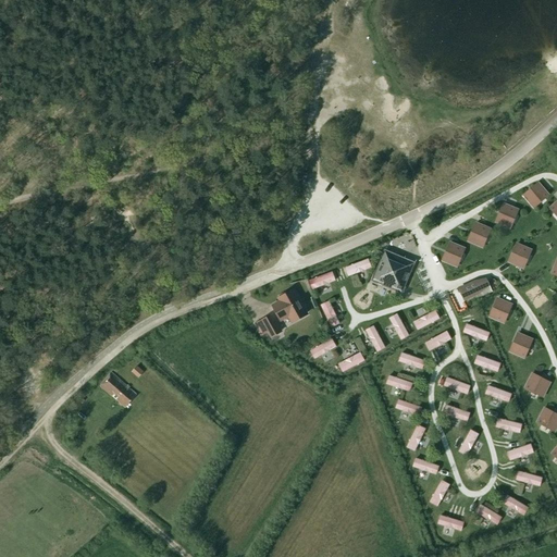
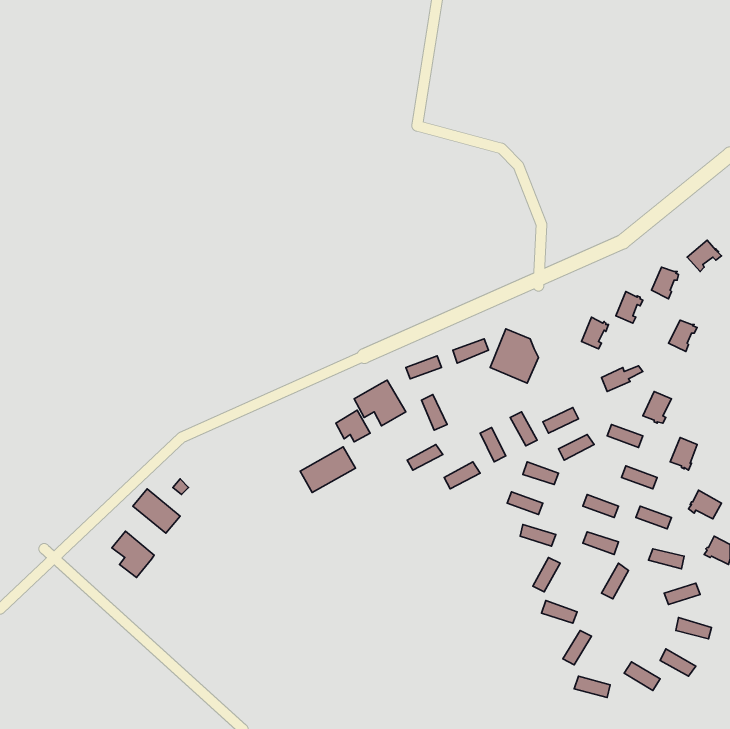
building: none -> [300,447,355,492]
building: none -> [112,531,154,578]

